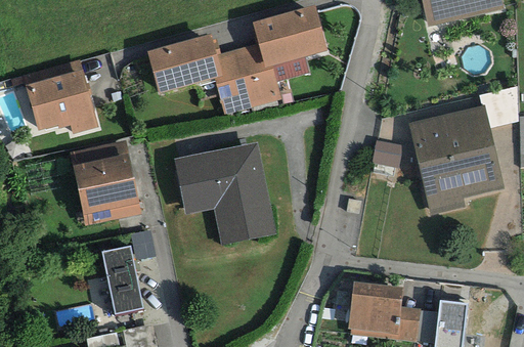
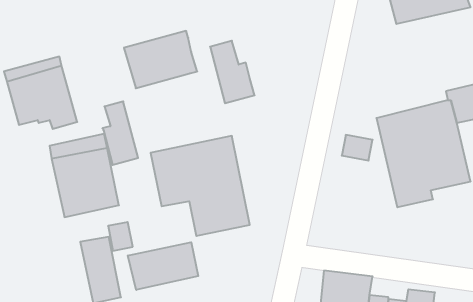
building: [252,5,326,82] -> none
building: [214,49,251,115] -> [102,101,138,165]
building: none -> [128,242,198,290]

